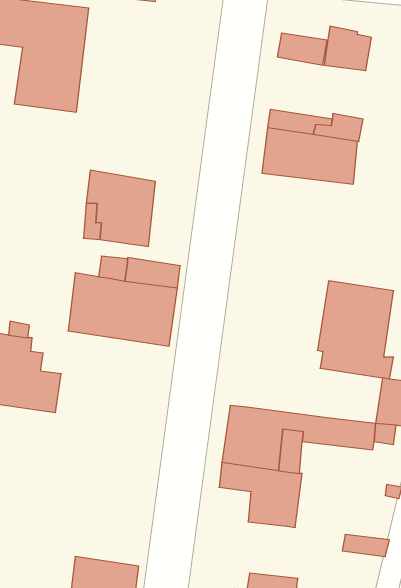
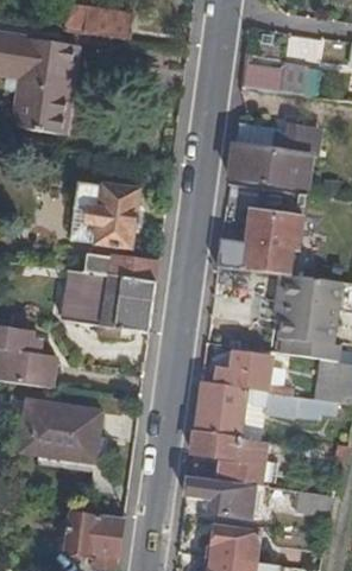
building: none -> [215,205,296,275]
building: none -> [214,353,287,393]
building: none -> [17,402,98,462]
building: none -> [183,478,249,514]

